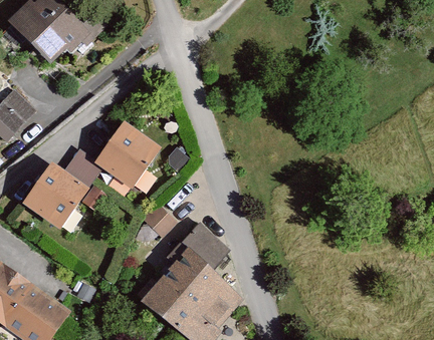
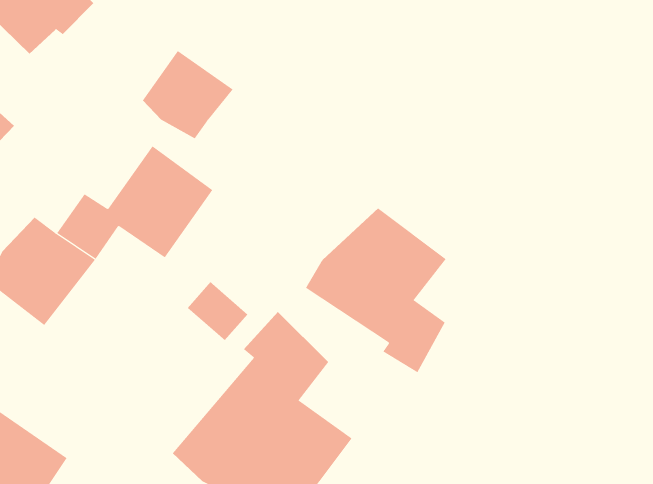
building: none -> [142,50,233,139]
building: none -> [305,208,447,373]

